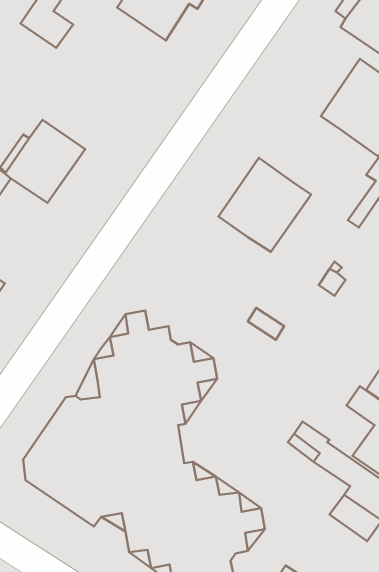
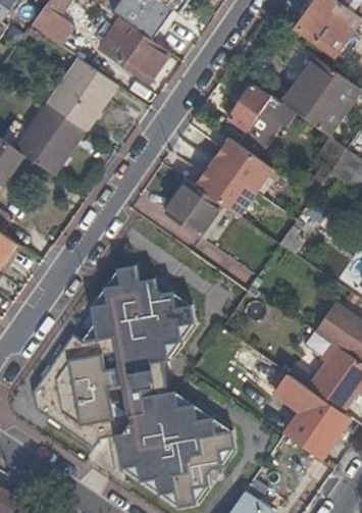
building: none -> [94,12,169,86]
building: none -> [49,60,116,131]
building: none -> [220,86,298,158]
building: none -> [164,181,220,237]

